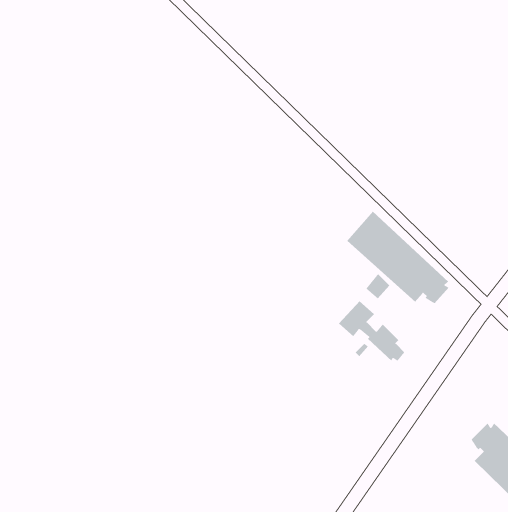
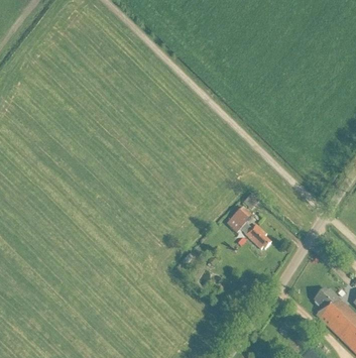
building: [347,211,449,304] -> none

